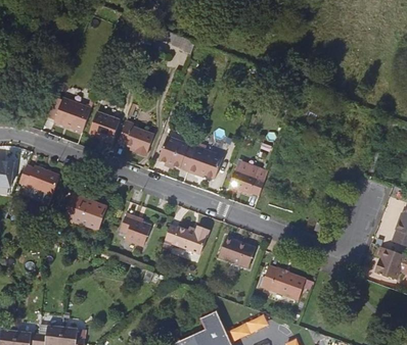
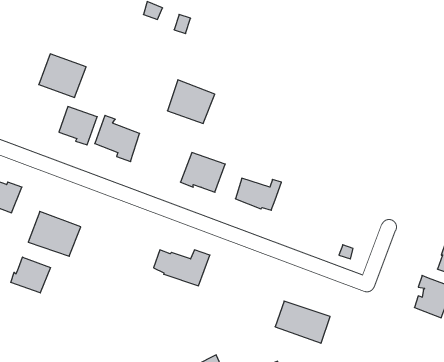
building: [54,97,92,132] -> [39,54,86,97]
building: [159,137,196,171] -> [167,80,215,123]
building: [120,216,150,246] -> none
building: none -> [11,257,50,293]
building: [219,237,257,268] -> none

